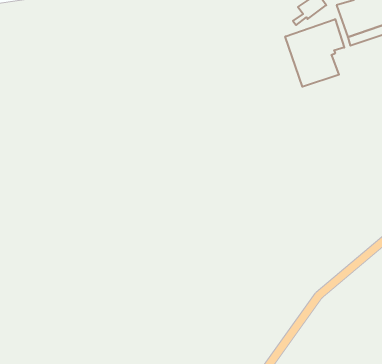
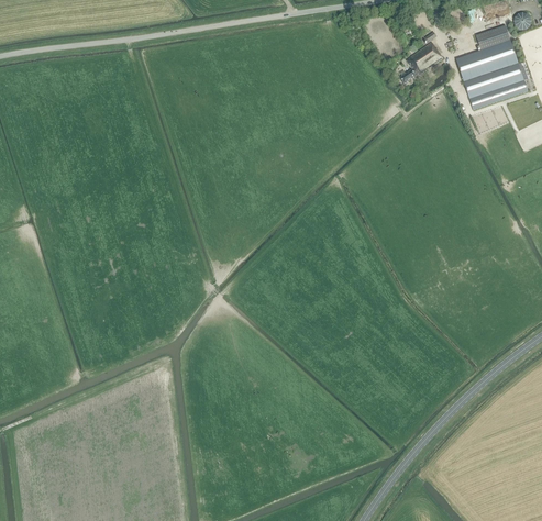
building: [285,19,344,87] -> none

